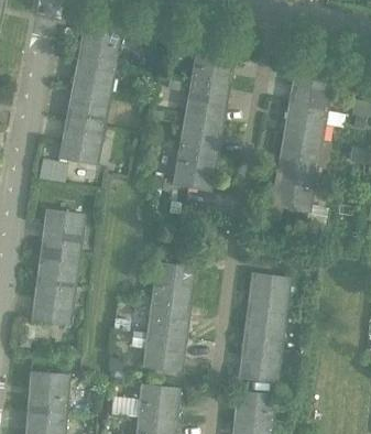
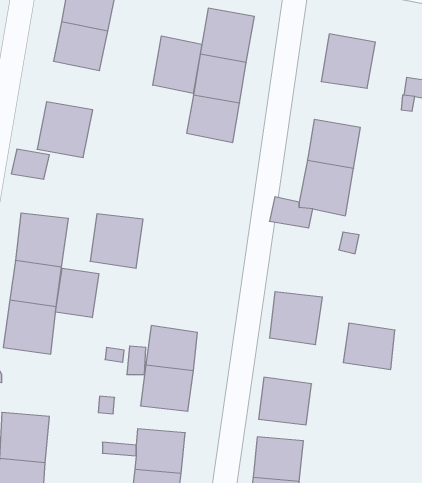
building: none -> [153,36,202,94]
building: [66,87,109,127] -> none
building: [283,104,326,141] -> none
building: [172,145,217,192] -> none
building: none -> [56,268,99,318]
building: [151,263,194,307] -> [90,214,143,268]
building: [242,312,284,349] -> [343,323,395,369]

